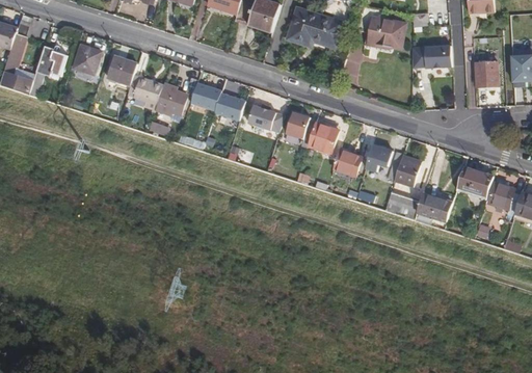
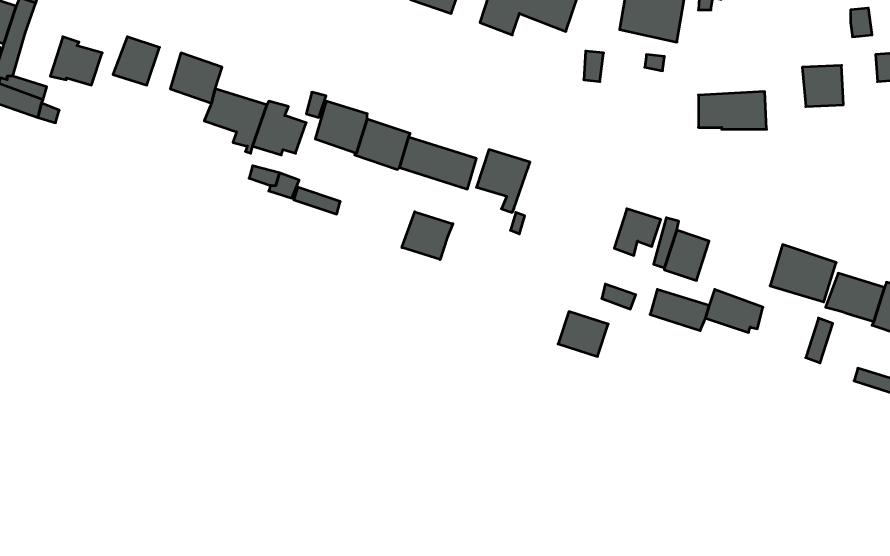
building: [411,46,451,68] -> [698,92,767,129]
building: [307,122,338,153] -> none
building: none -> [402,212,453,260]
building: [332,149,362,175] -> [558,312,608,356]

